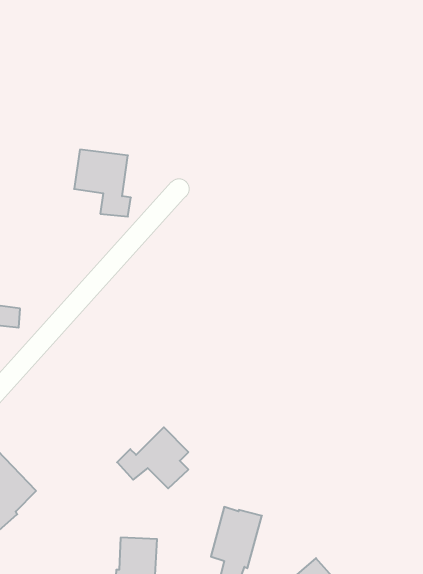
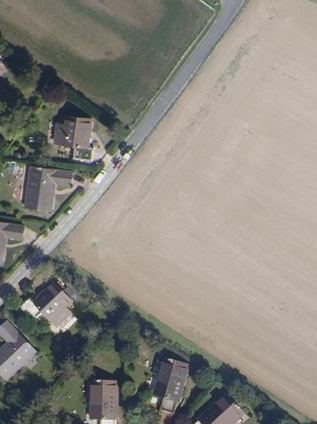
building: none -> [26,169,76,214]
building: [117,427,188,488] -> [21,287,70,329]

